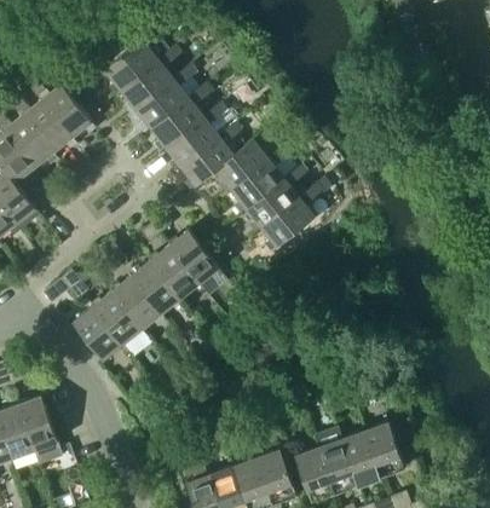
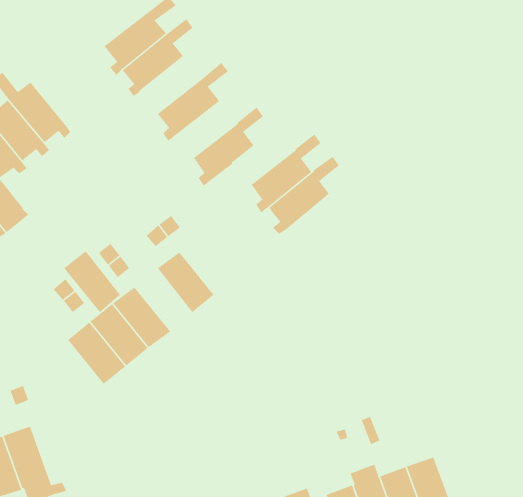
building: [136,64,197,132] -> none
building: [27,76,96,138] -> none
building: [166,102,227,171] -> none
building: [215,125,277,194] -> none
building: [261,183,323,250] -> none
building: [169,230,219,283] -> none
building: [131,260,180,314] -> [63,250,121,313]

